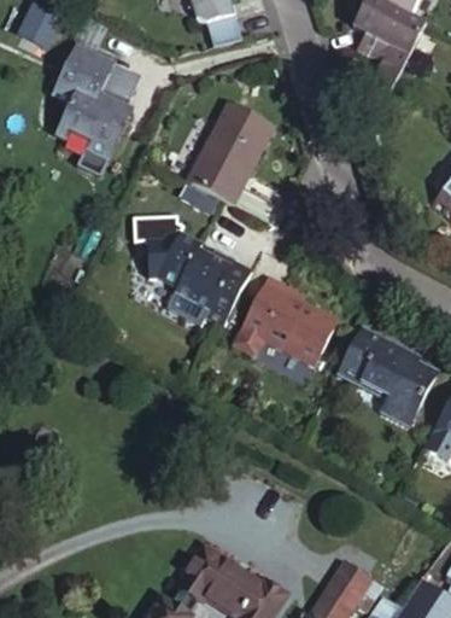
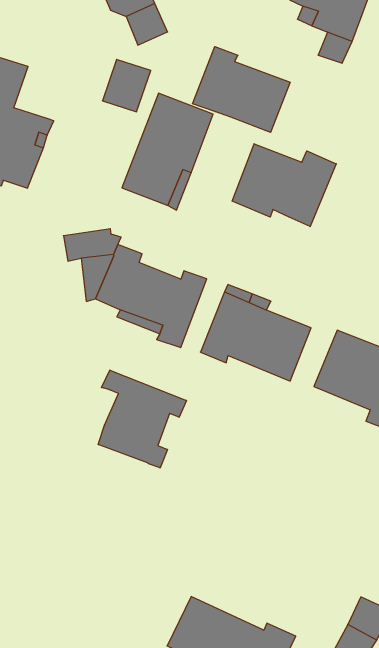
building: [99,62,145,110] -> [102,59,151,112]
building: none -> [193,47,290,132]
building: none -> [232,144,336,227]
building: none -> [98,370,186,468]

